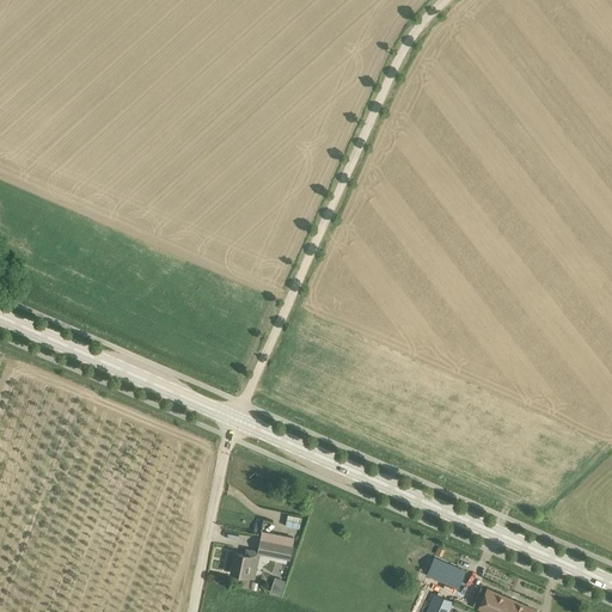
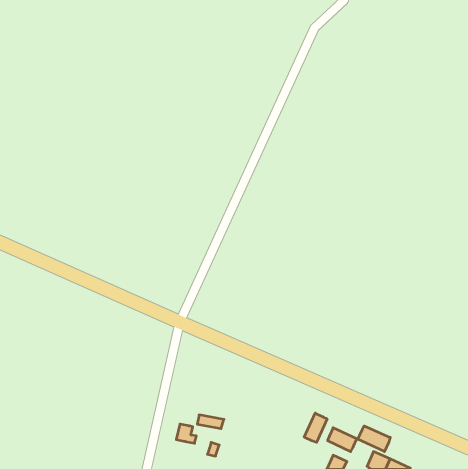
building: none -> [304,413,327,442]
building: none -> [358,426,390,452]

